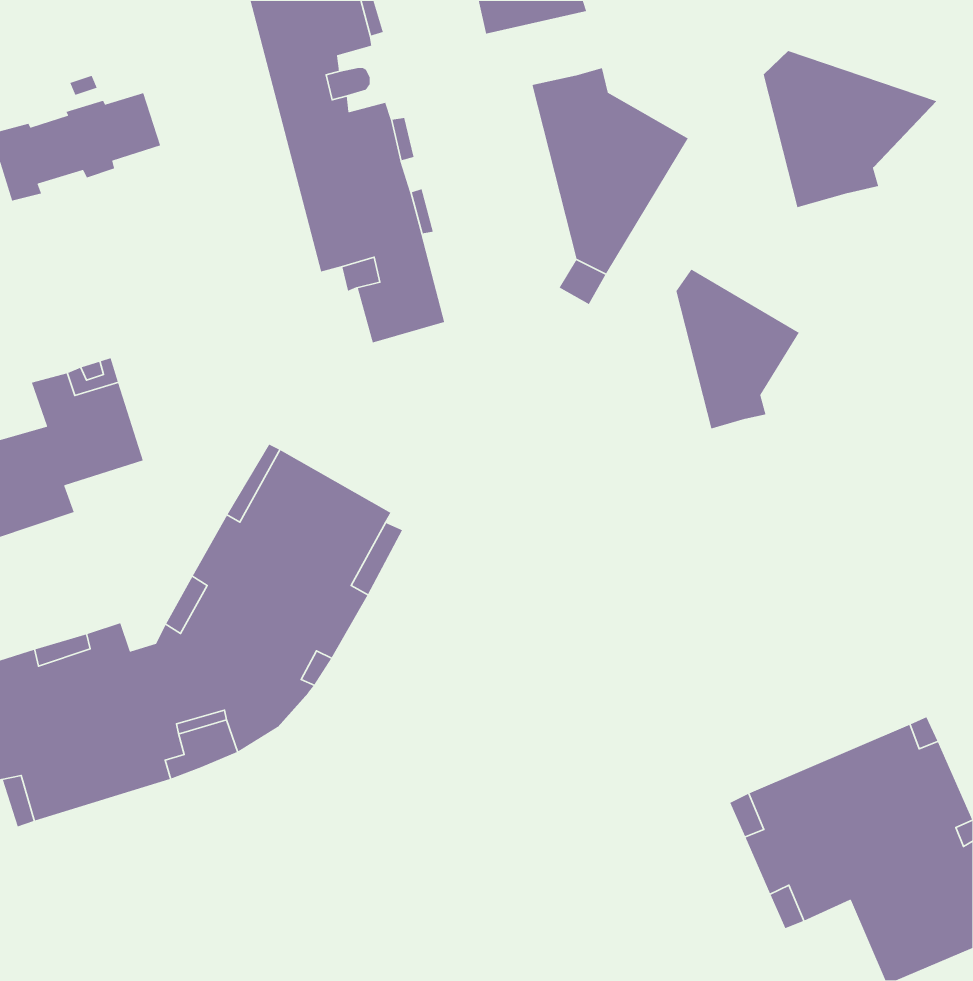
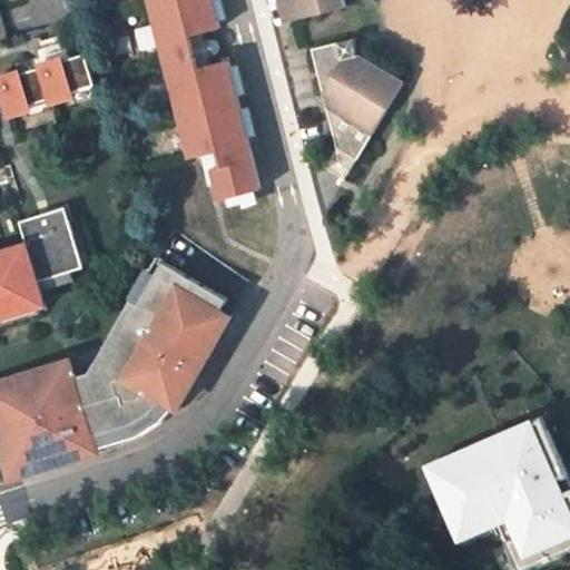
building: [763,50,937,208] -> none
building: [676,268,800,430] -> none

